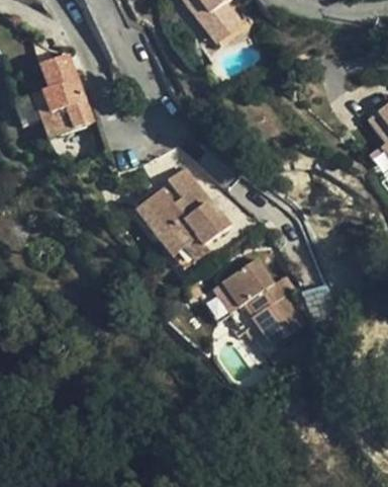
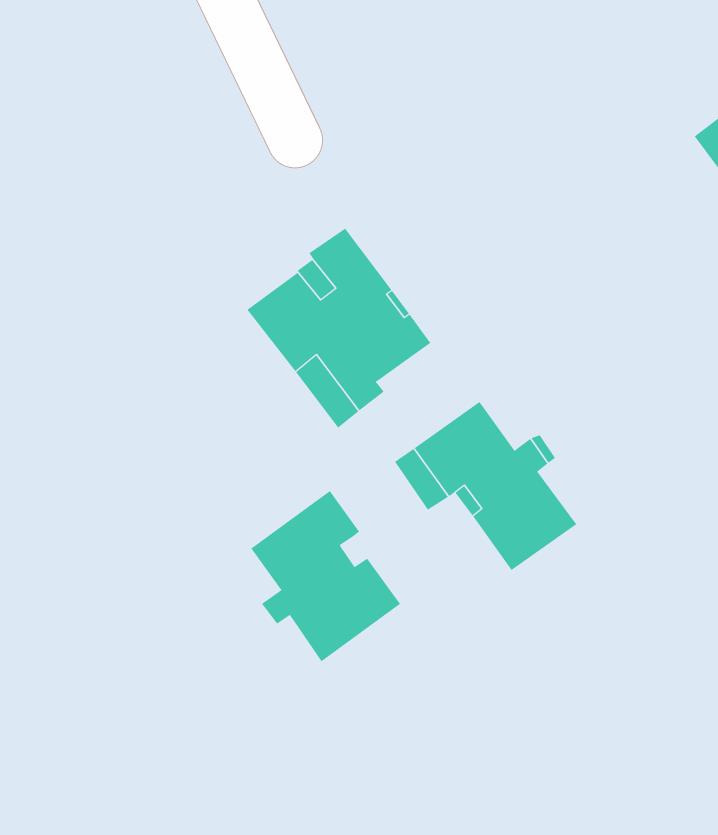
building: [39,53,93,134] -> none
building: none -> [251,490,401,662]

